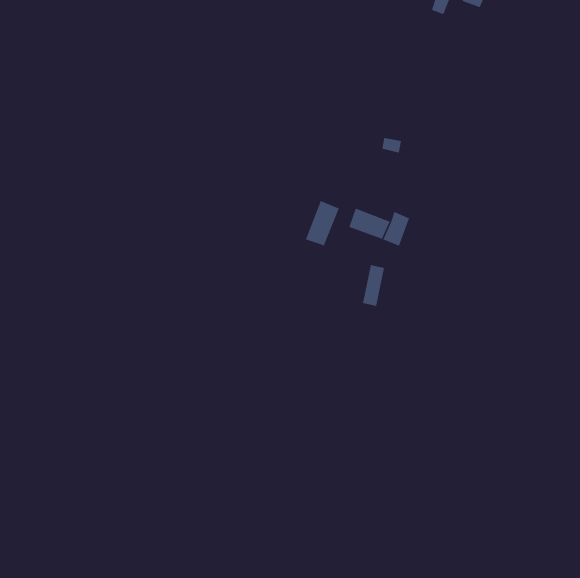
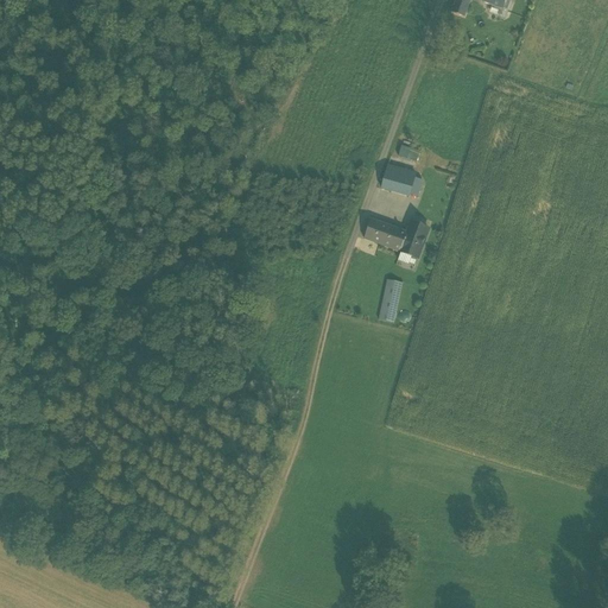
building: none -> [381,165,416,195]
building: [305,200,339,246] -> none

